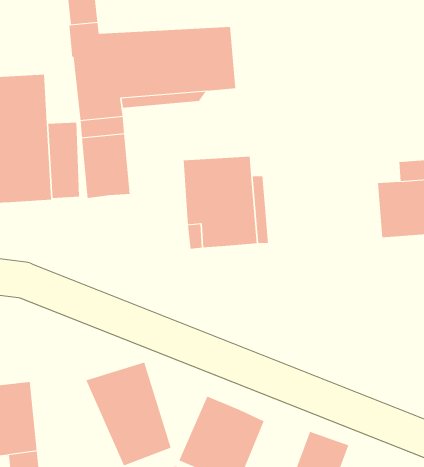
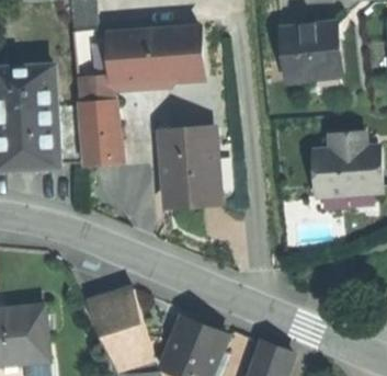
building: none -> [277,20,339,78]

